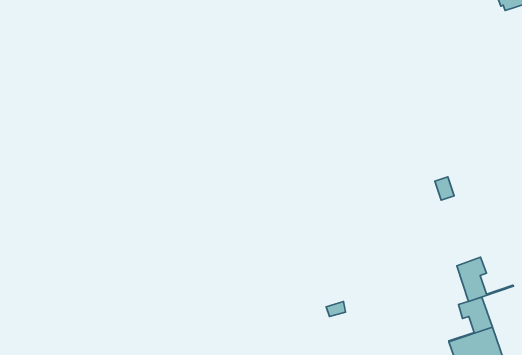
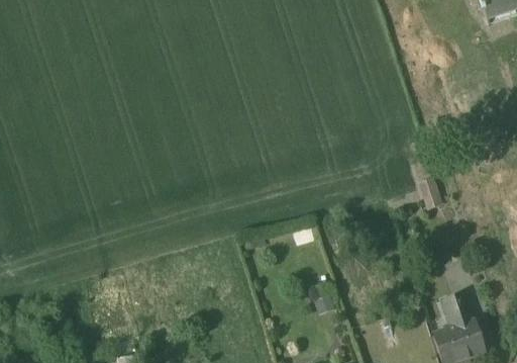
building: [457,257,513,301] -> none

